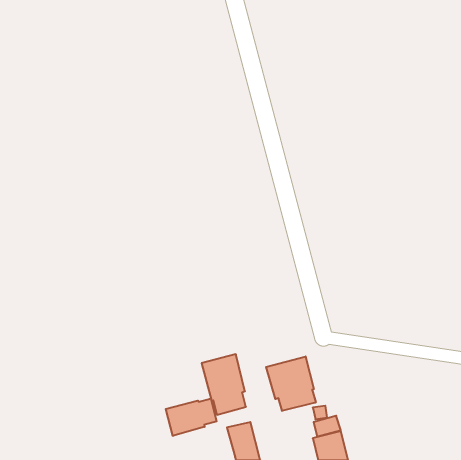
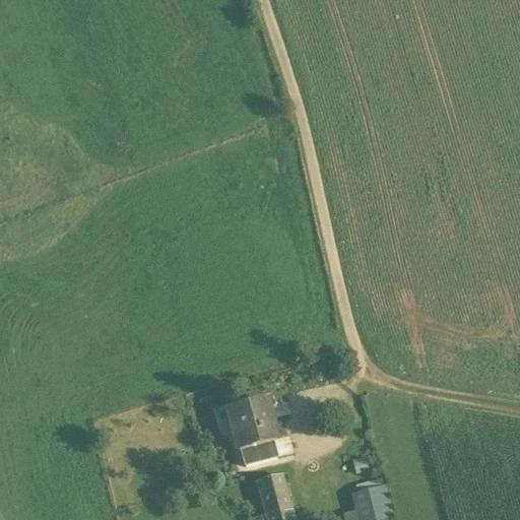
building: [266,356,316,411] -> none
building: [166,398,217,436] -> none

